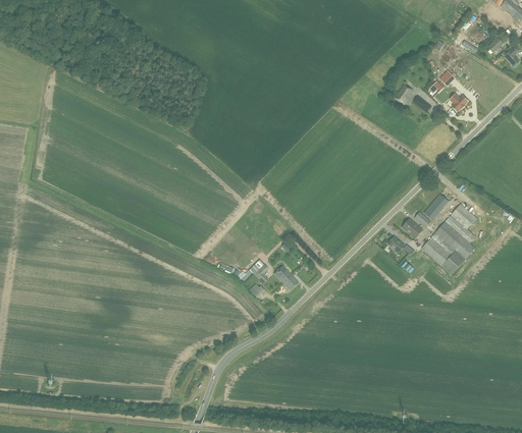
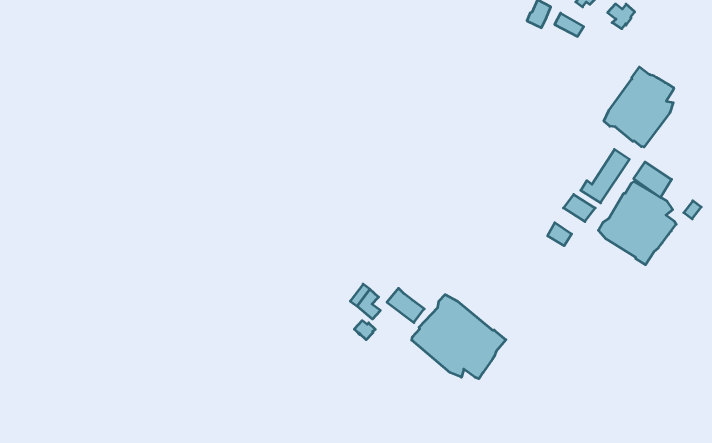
building: none -> [604,67,674,147]
building: none -> [412,295,506,379]

